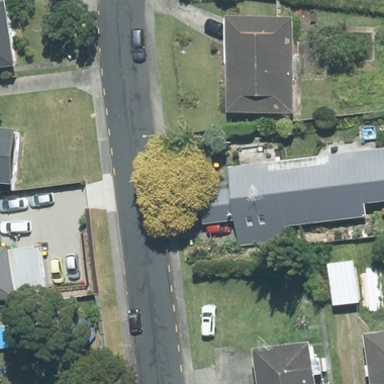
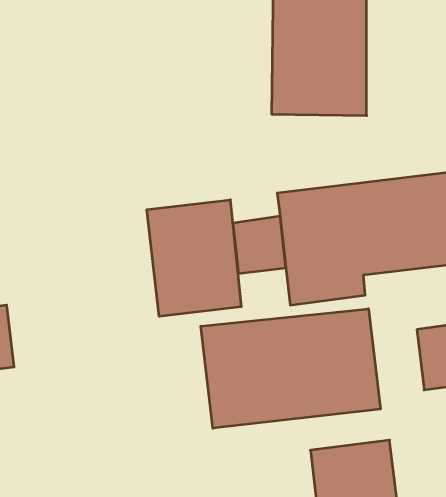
building: none -> [147,200,241,316]
building: none -> [201,309,380,428]

